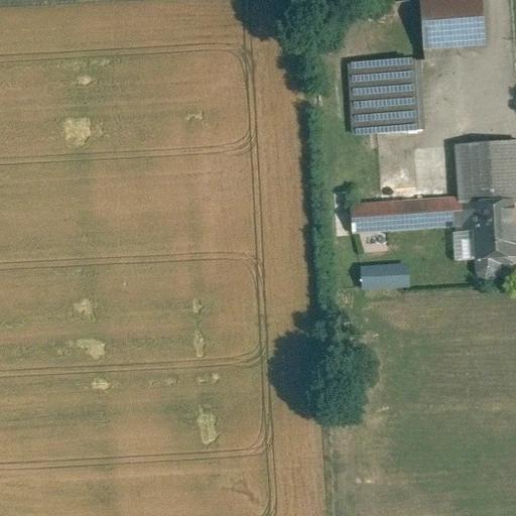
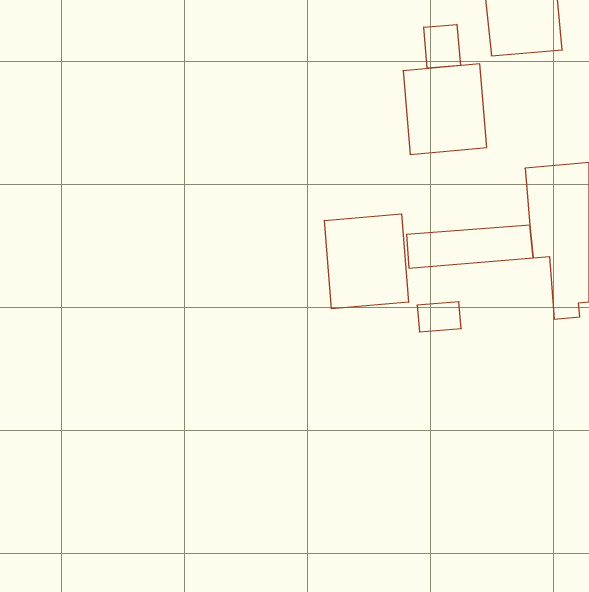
building: none -> [424,24,460,68]
building: none -> [325,214,408,309]

